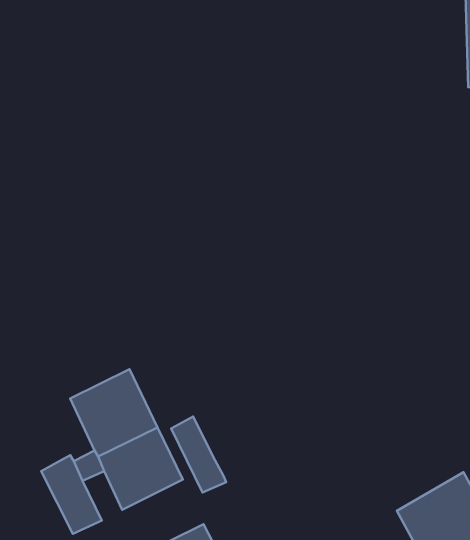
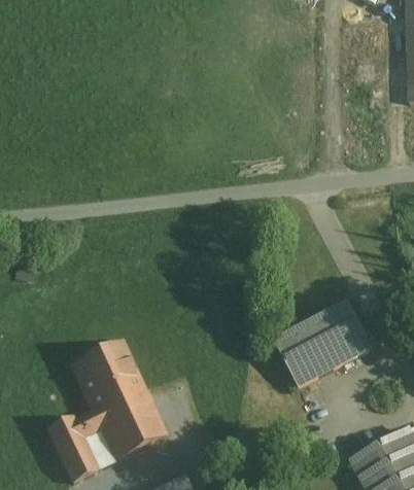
building: none -> [273,301,372,384]
building: [171,417,226,493] -> none

